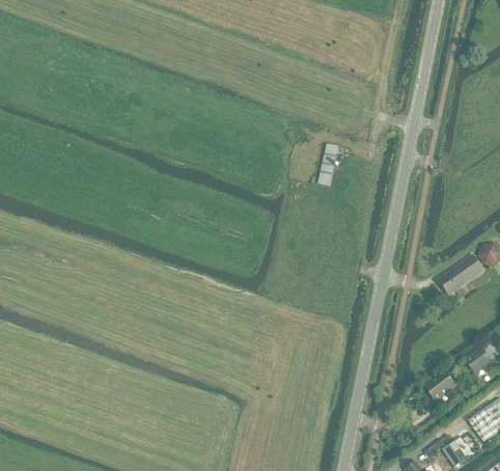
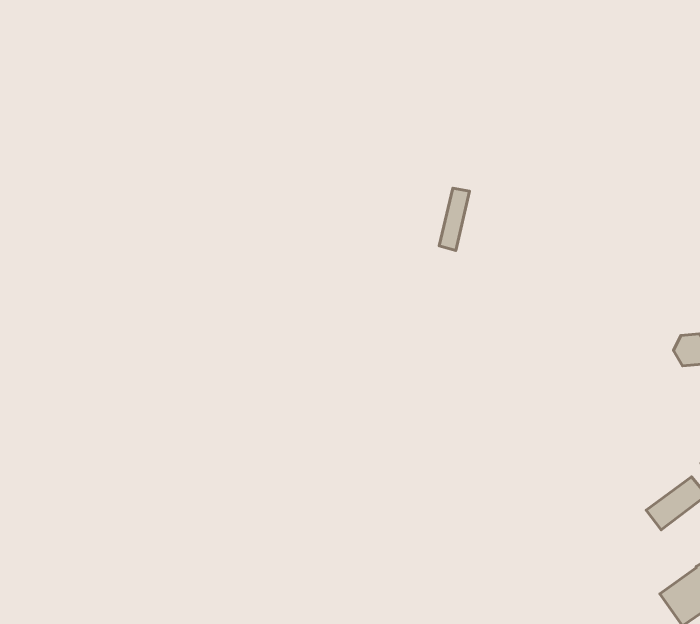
building: [438,255,484,298] -> none
building: [425,371,455,400] -> none

